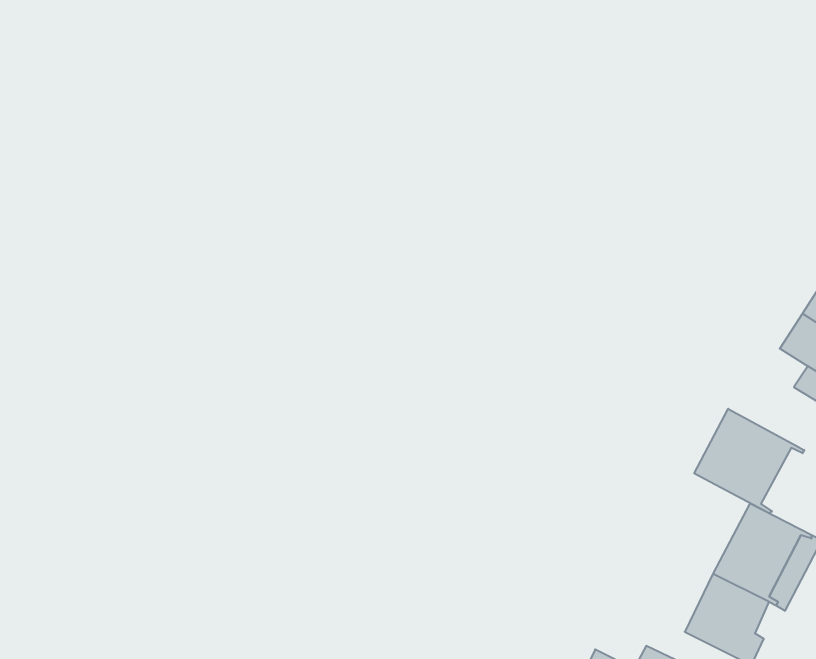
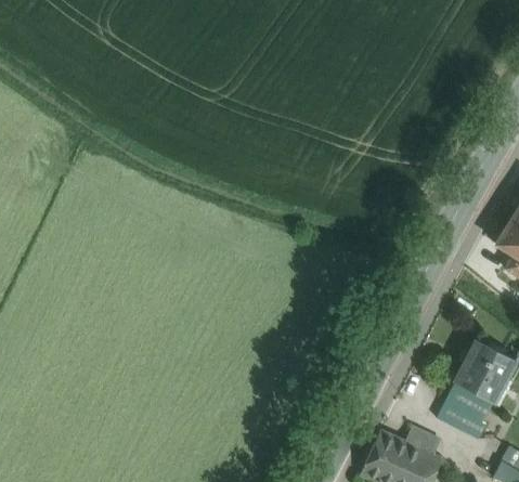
building: [694,409,804,513] -> none

